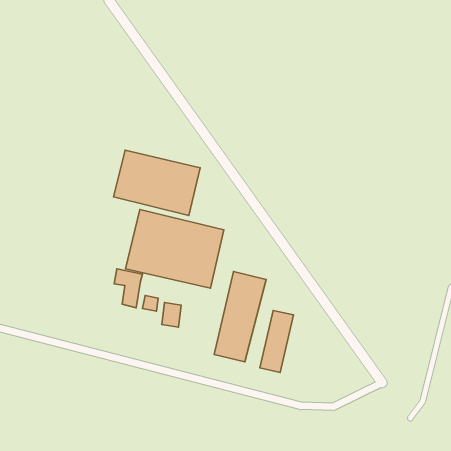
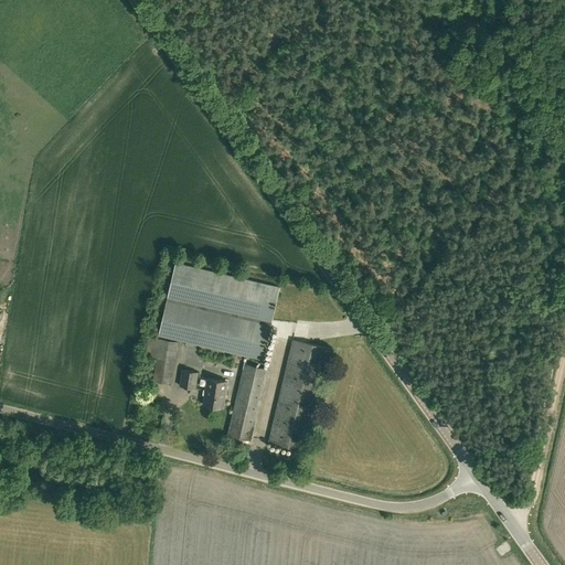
building: [114,150,200,216] -> none
building: [260,310,293,372] -> [226,364,268,441]

